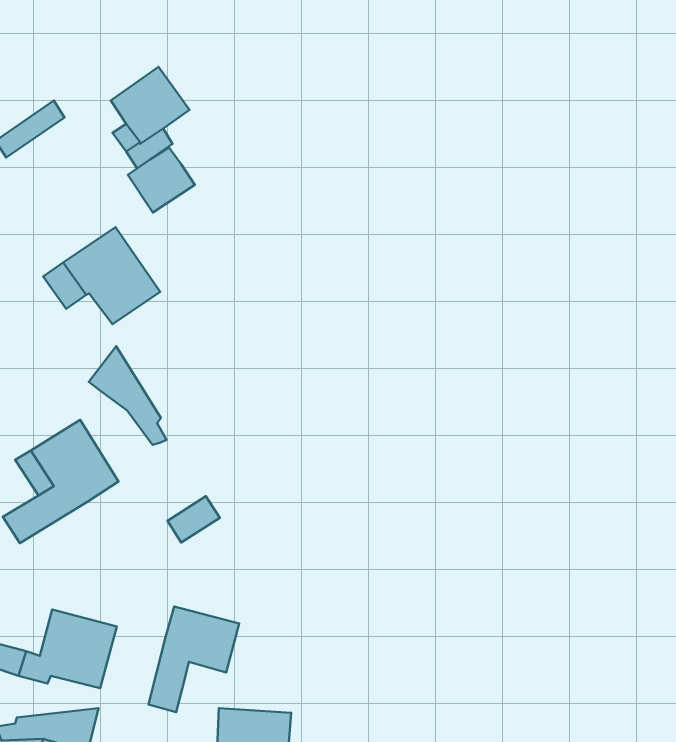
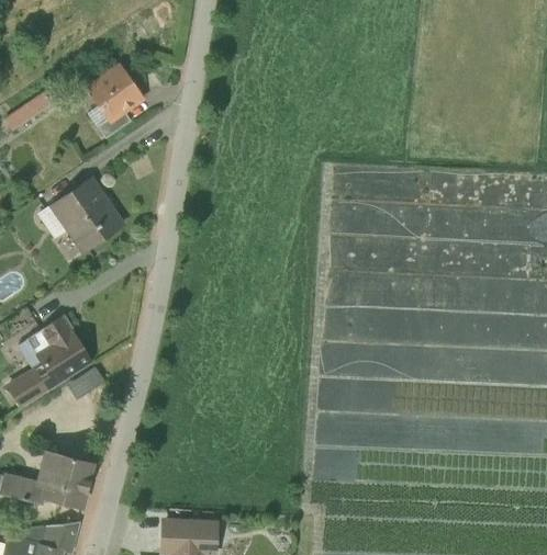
building: [128,147,195,213] -> none
building: [89,346,166,445] -> none
building: [167,496,220,543] -> [68,365,105,398]
building: [149,606,239,712] -> none

